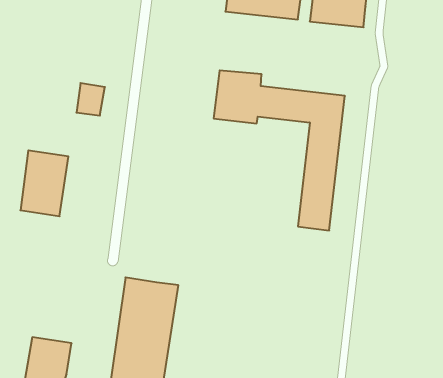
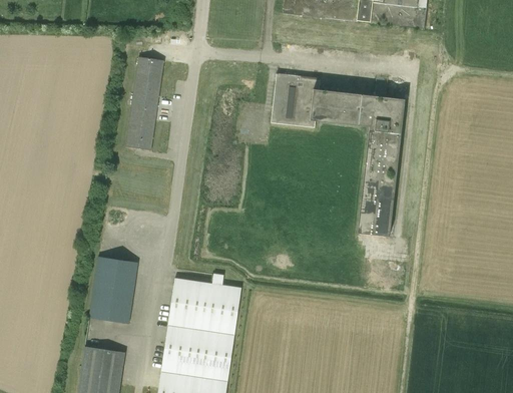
building: none -> [134,55,163,89]
building: none -> [126,115,154,148]
building: [20,150,68,216] -> [89,255,138,322]

